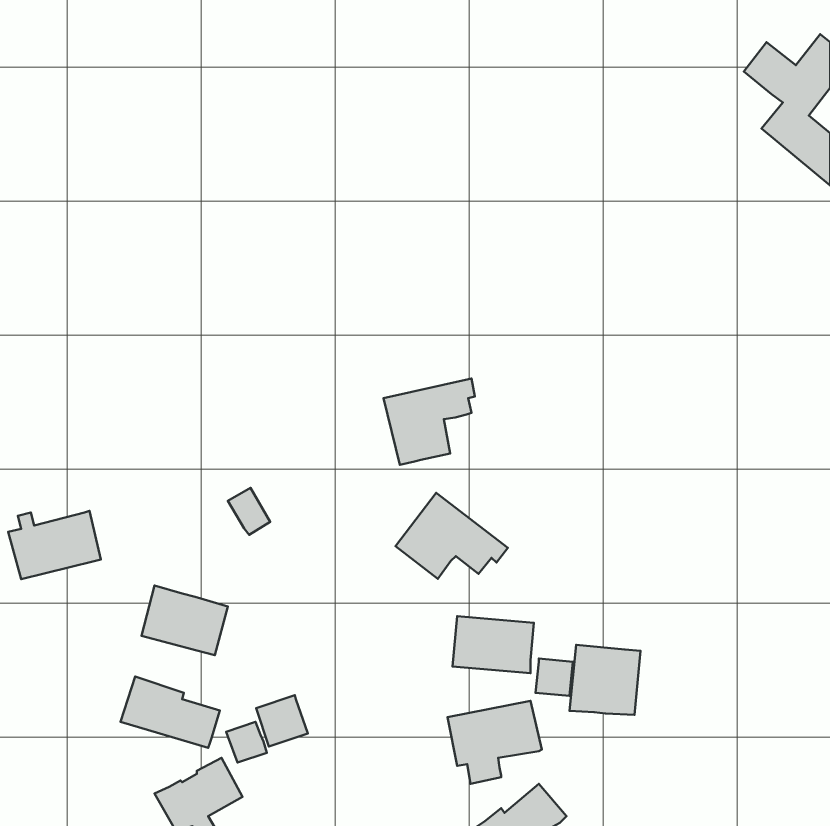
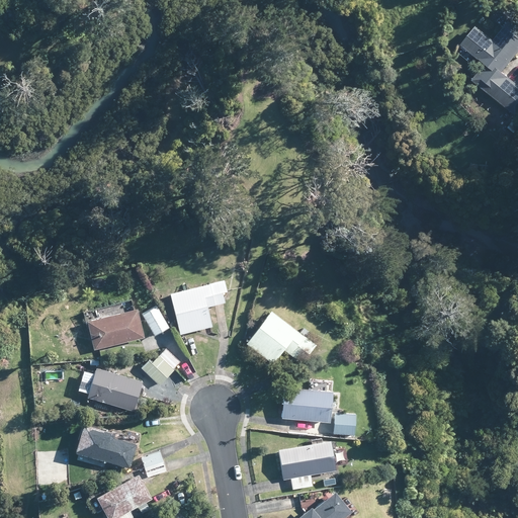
building: [384,379,475,465] -> [170,281,227,335]
building: [8,511,101,579] -> [86,308,144,350]
building: none -> [152,349,179,376]
building: [569,645,640,715] -> none
building: [256,695,308,746] -> none

